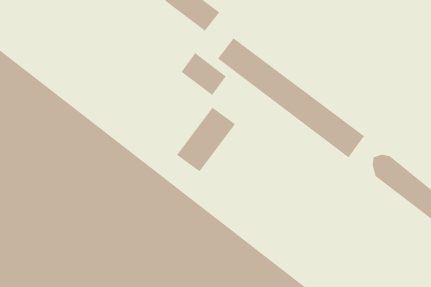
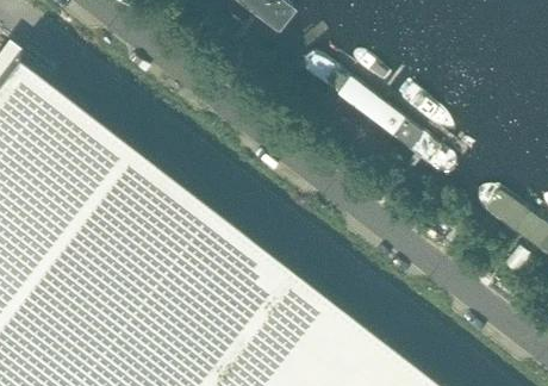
building: [181,52,227,96] -> none
building: [176,107,236,172] -> none

